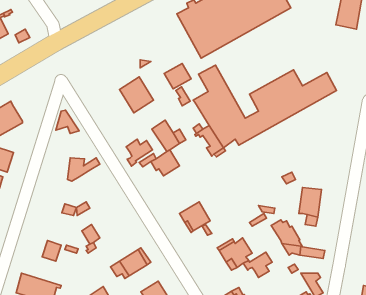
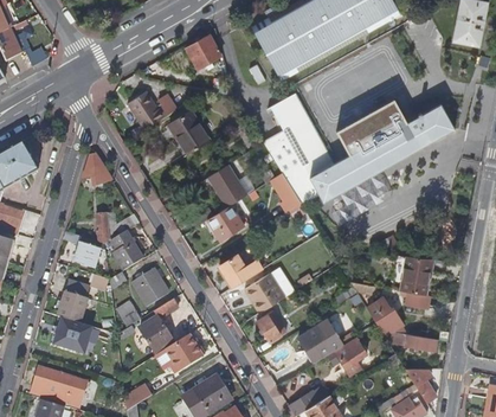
building: none -> [128,89,179,128]
building: [164,64,191,89] -> [186,34,221,68]
building: [126,139,152,166] -> none
building: none -> [112,231,146,271]
building: none -> [64,232,104,268]
building: none -> [220,255,263,288]
building: none -> [131,270,168,308]
building: none -> [56,291,86,323]
building: none -> [140,300,179,352]
building: none -> [257,312,286,344]

